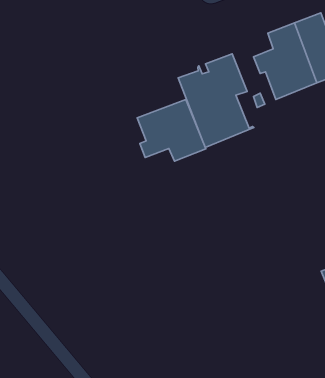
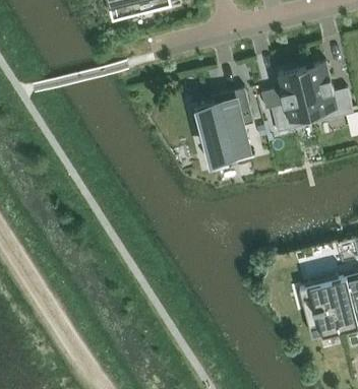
building: [137,100,206,161] -> none

